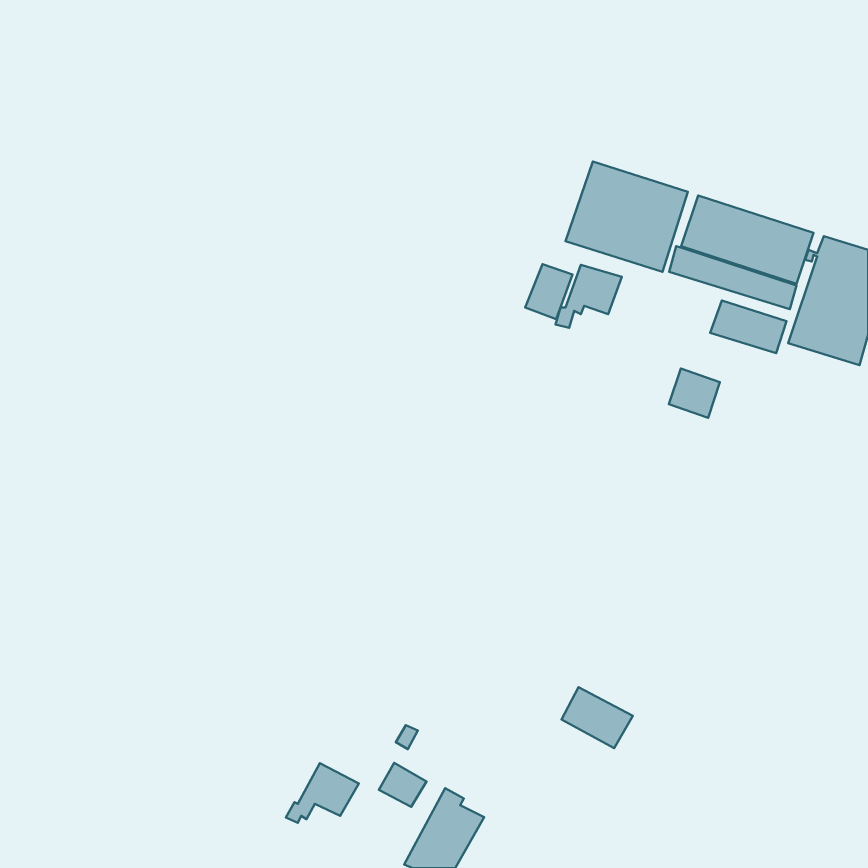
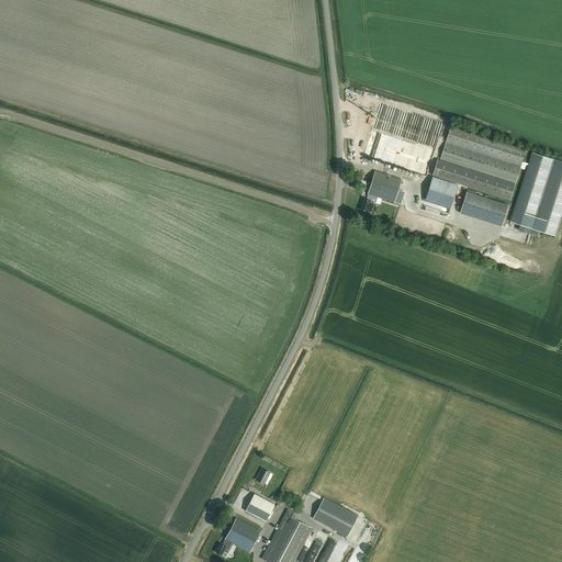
building: [525,264,573,319] -> none
building: [669,369,720,418] -> [425,177,458,209]
building: [561,687,633,748] -> [313,497,359,537]
building: [286,763,359,823] -> [214,518,261,557]

